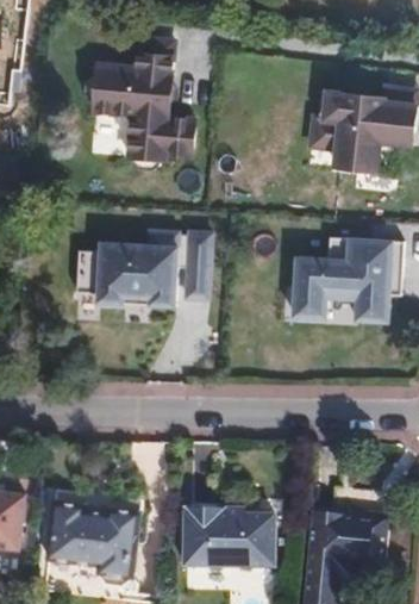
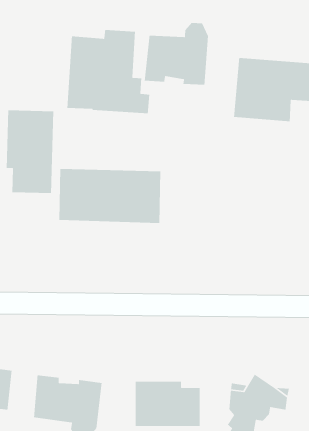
building: none -> [144,22,209,85]
building: none -> [6,110,54,194]
building: [296,232,402,322] -> none

